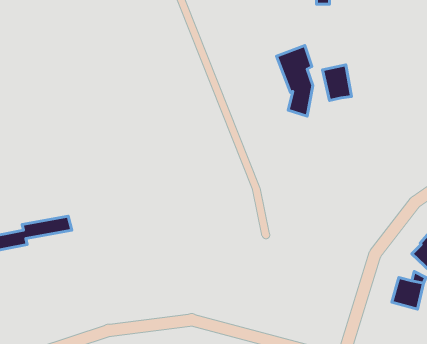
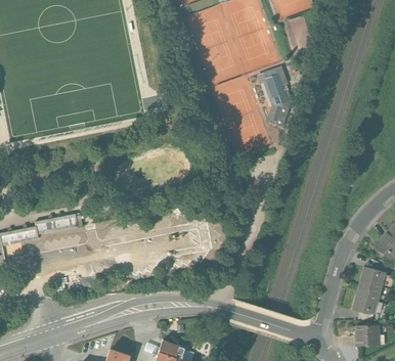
building: [323,65,352,100] -> none
building: none -> [352,289,380,315]

